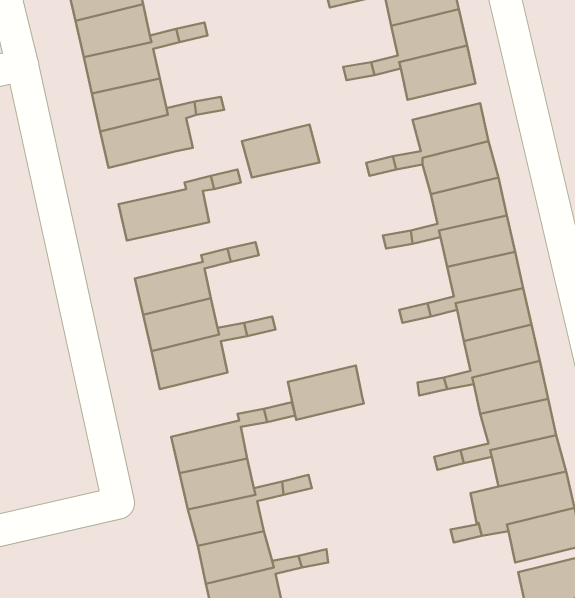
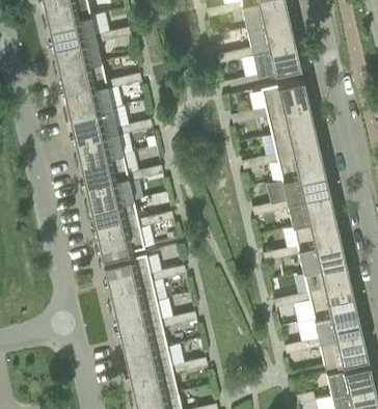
building: [242,125,319,177] -> [70,110,118,143]
building: none -> [81,157,129,190]
building: [288,365,364,420] -> [104,255,152,290]

